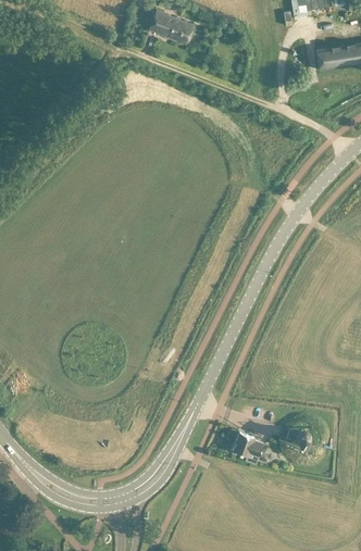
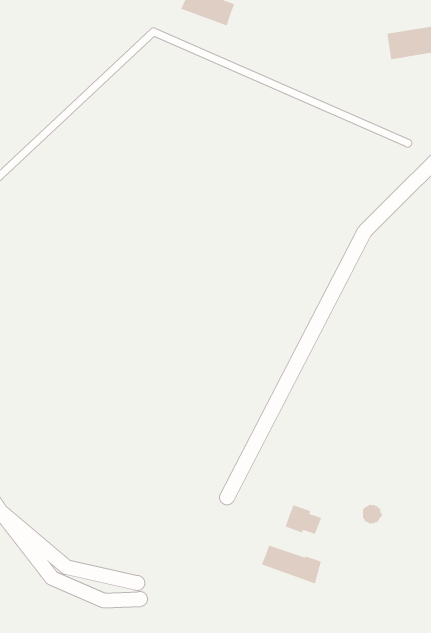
building: none -> [261,544,322,584]

